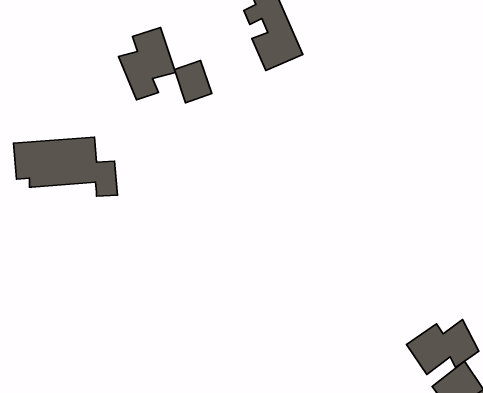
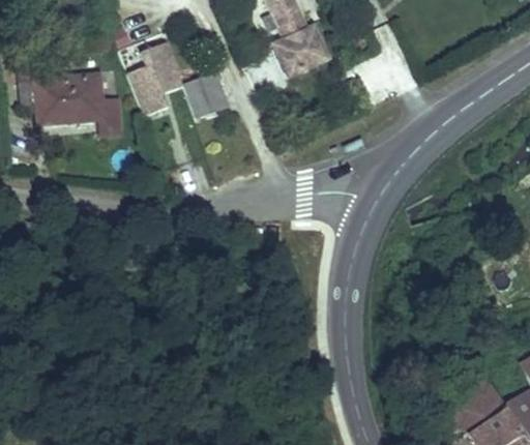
building: [13,137,118,196] -> [25,75,132,136]
building: [406,320,479,374] -> none

